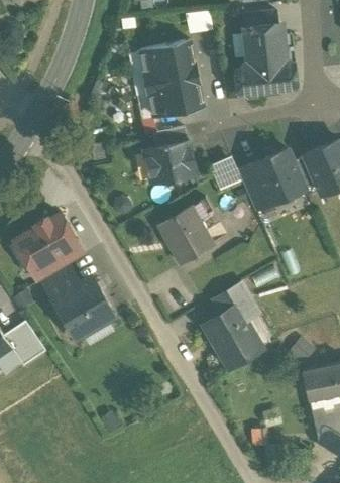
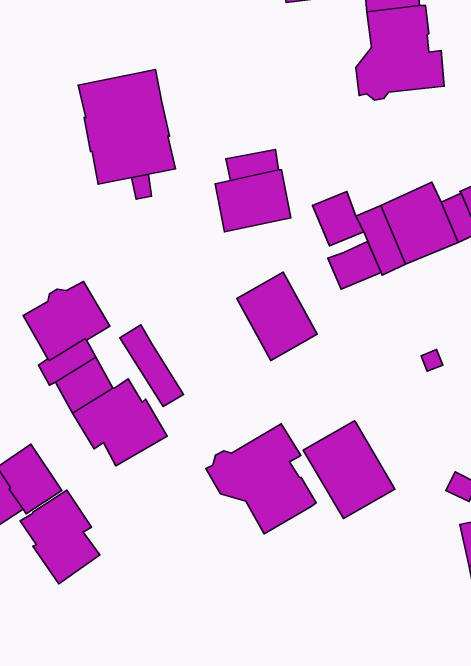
building: [139,40,203,115] -> [78,70,176,184]
building: none -> [328,241,381,289]
building: none -> [120,325,183,406]
building: [214,283,249,313] -> none
building: none -> [206,424,316,534]
building: none -> [20,490,100,584]

